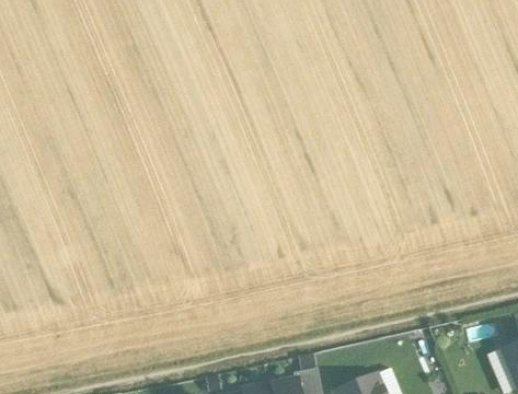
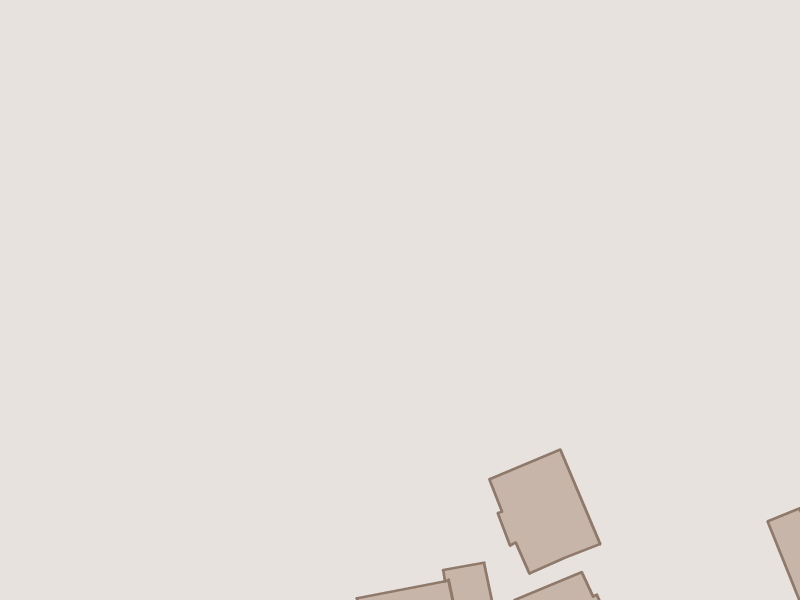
building: none -> [490,450,600,574]

